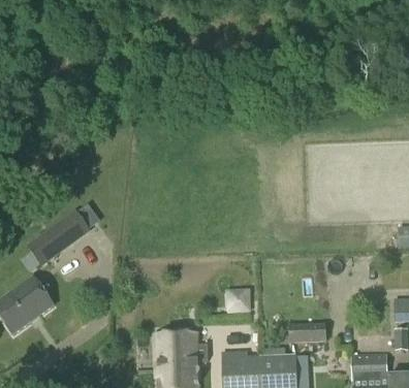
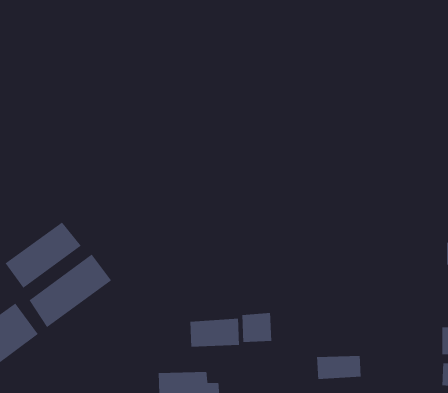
building: none -> [28,254,112,328]
building: none -> [189,318,240,348]

